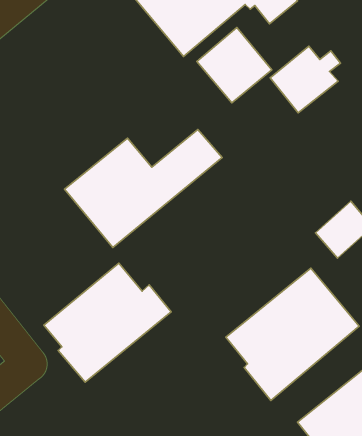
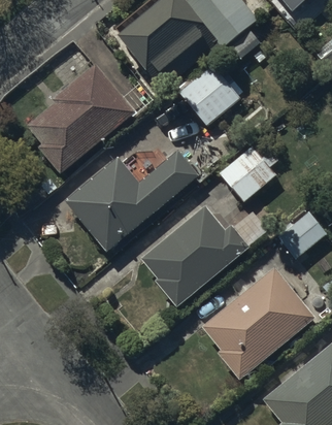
building: none -> [27,63,135,173]
building: [270,46,340,113] -> [219,145,278,202]
building: [44,263,171,382] -> [142,205,251,306]

